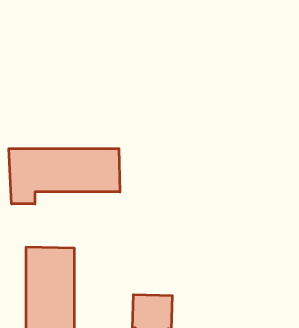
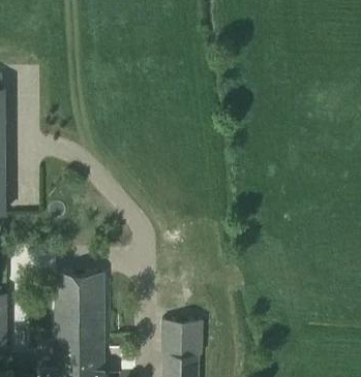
building: [9,149,120,204] -> none

